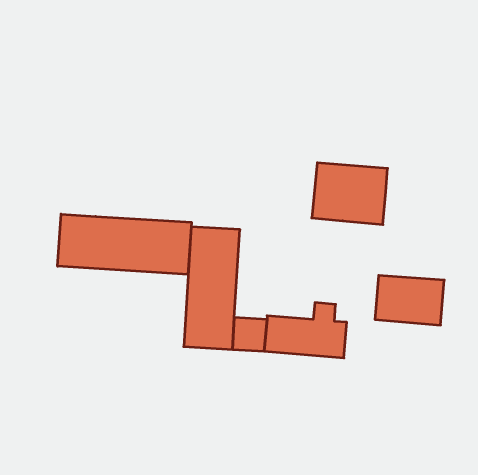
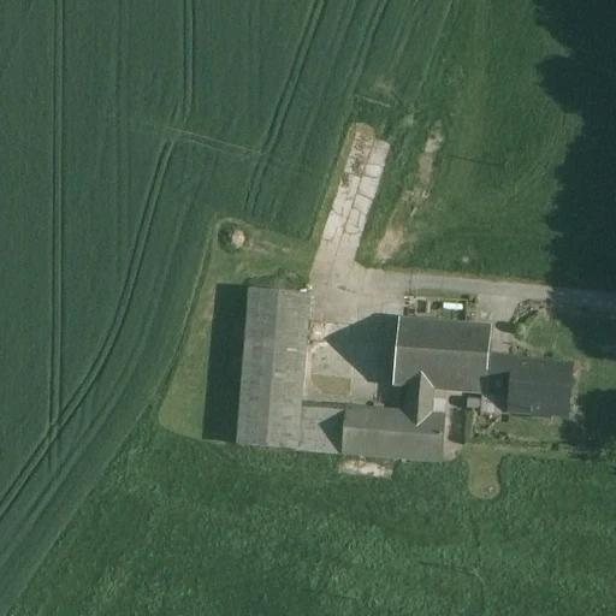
building: [312,163,388,225] -> [392,316,490,396]
building: [58,214,191,274] -> none

